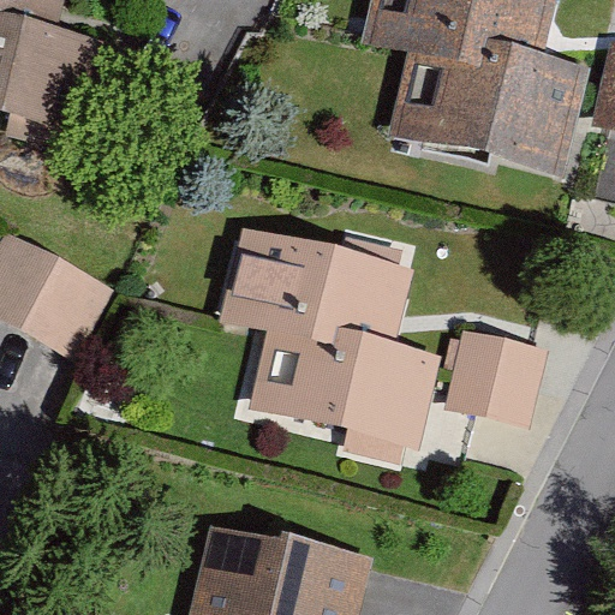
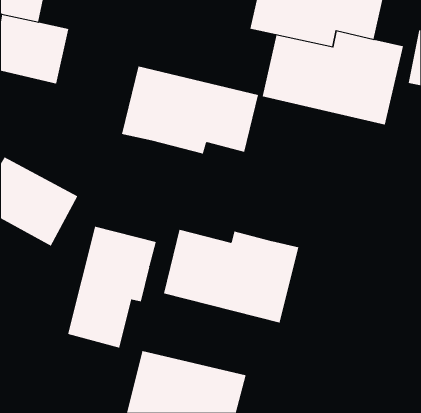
building: [216,225,417,353] -> [121,66,259,154]
building: none -> [67,226,156,348]
building: [447,333,545,424] -> none

